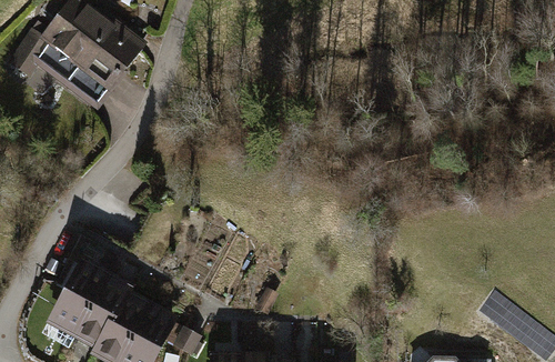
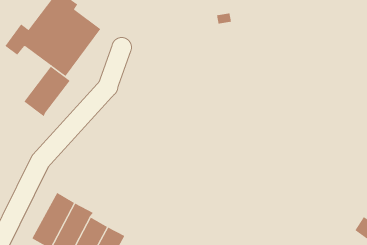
building: none -> [24,66,71,117]

